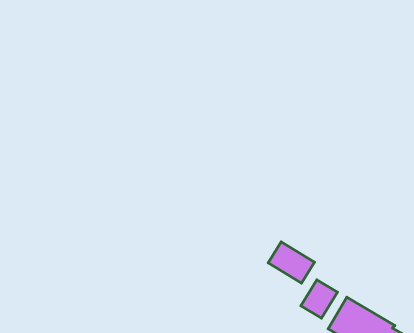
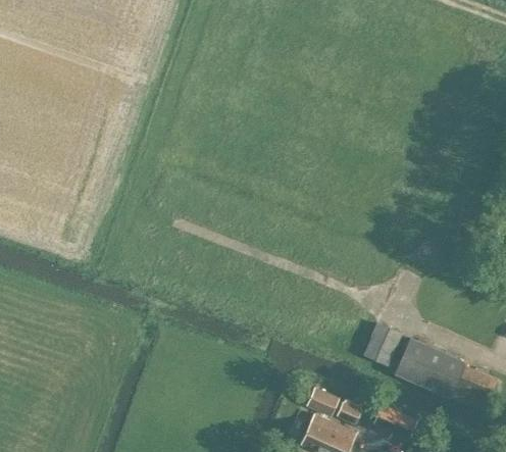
building: [268,242,314,283] -> none

